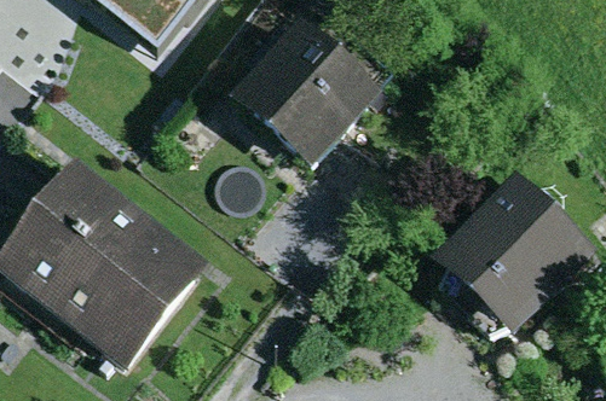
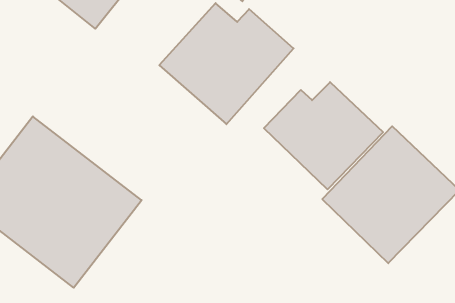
building: none -> [264,82,383,189]

